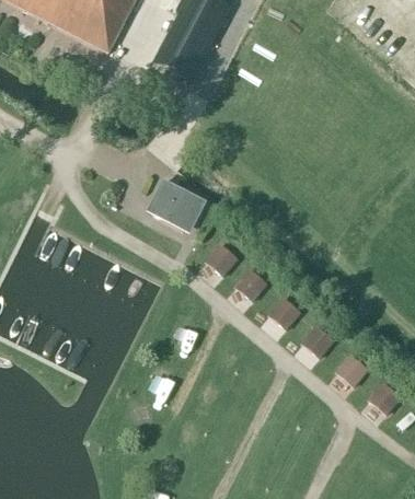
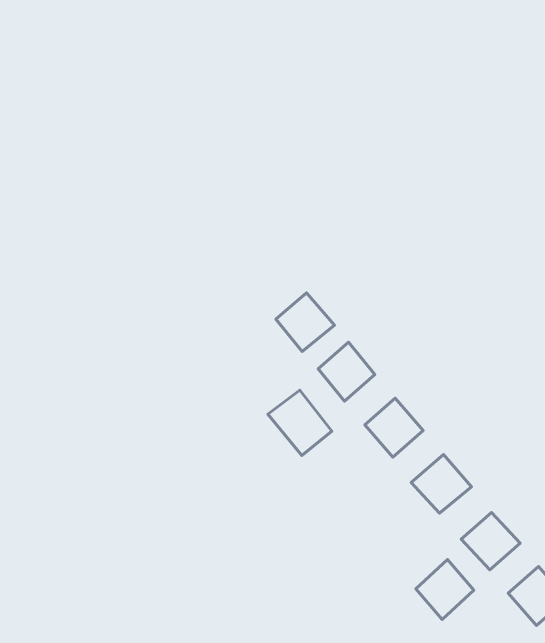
building: [152,181,205,230] -> none
building: none -> [268,390,332,456]
building: none -> [416,560,474,619]

